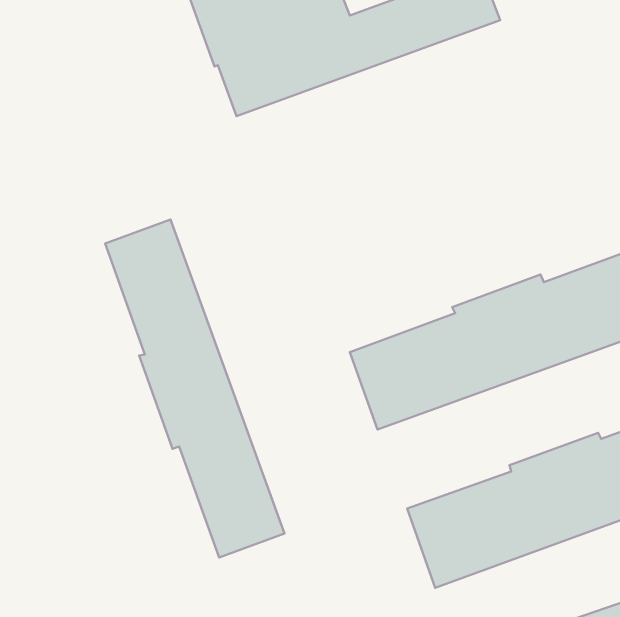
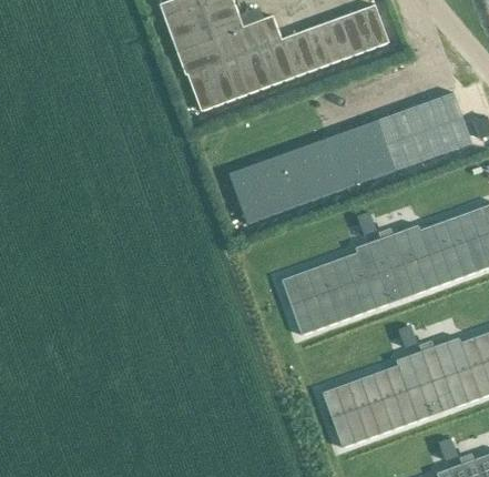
building: none -> [230,92,470,223]
building: [105,220,285,558] -> none

